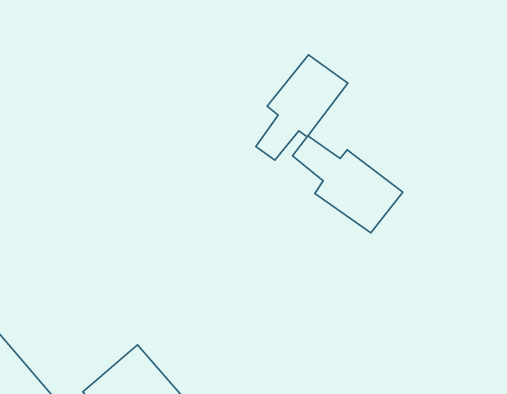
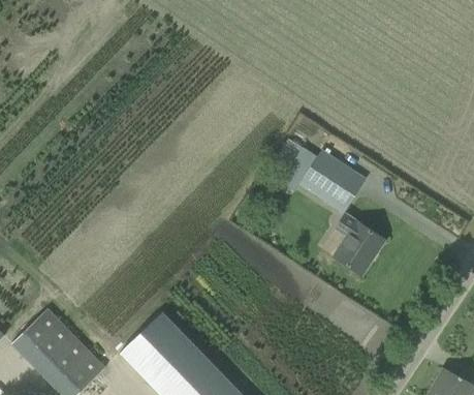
building: [256,55,348,160] -> none
building: none -> [331,214,384,275]

